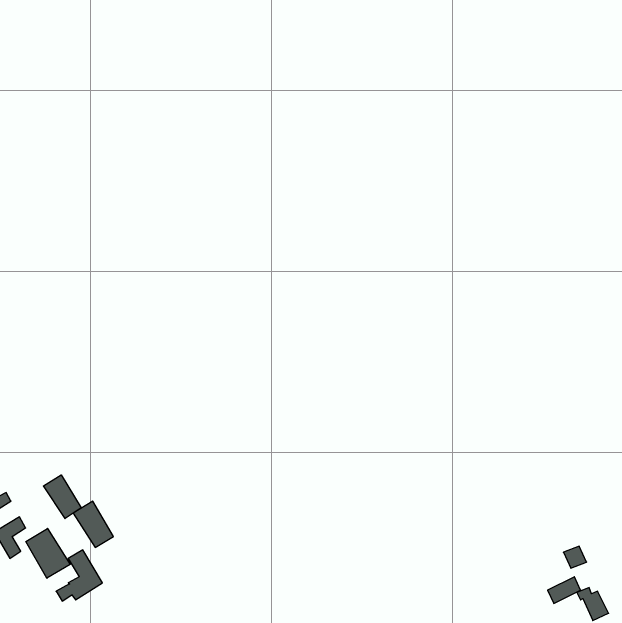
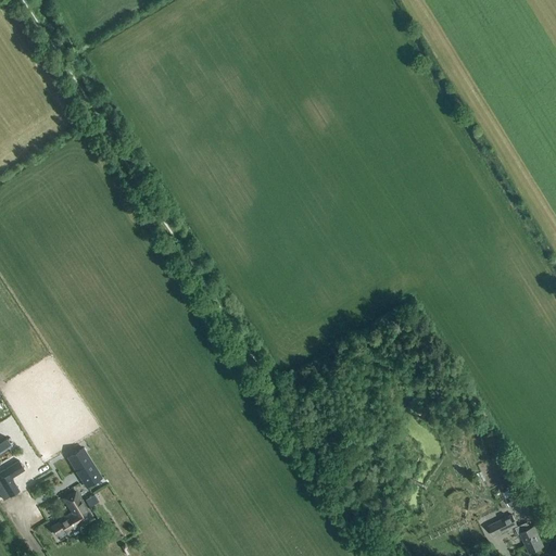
building: [43,475,81,519] -> none
building: [26,528,70,578] -> none

